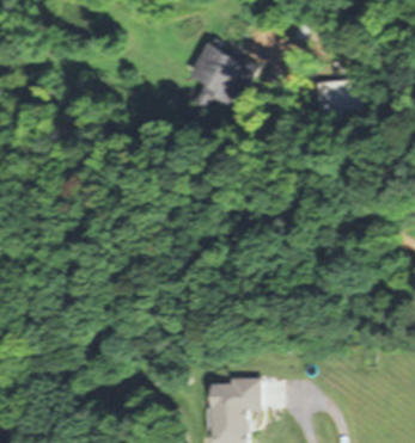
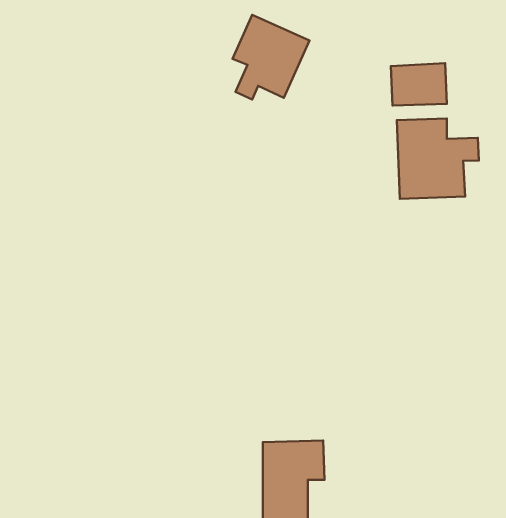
building: none -> [397,118,479,199]

